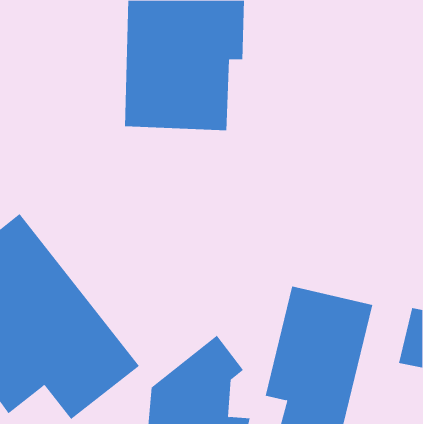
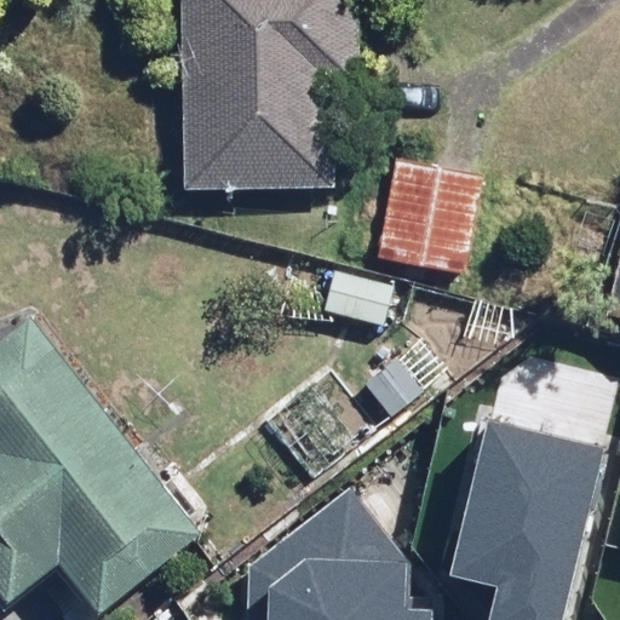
building: none -> [385,165,476,269]

